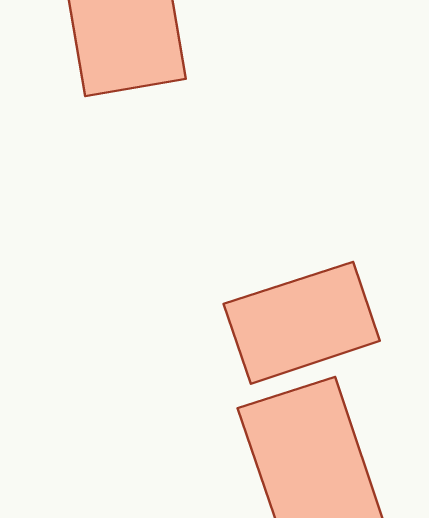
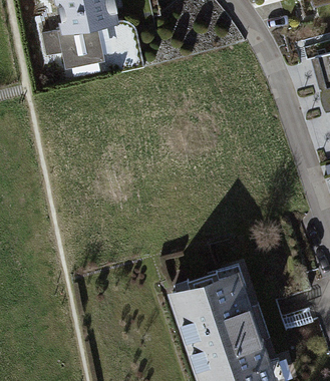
building: [223,262,380,384] -> none

